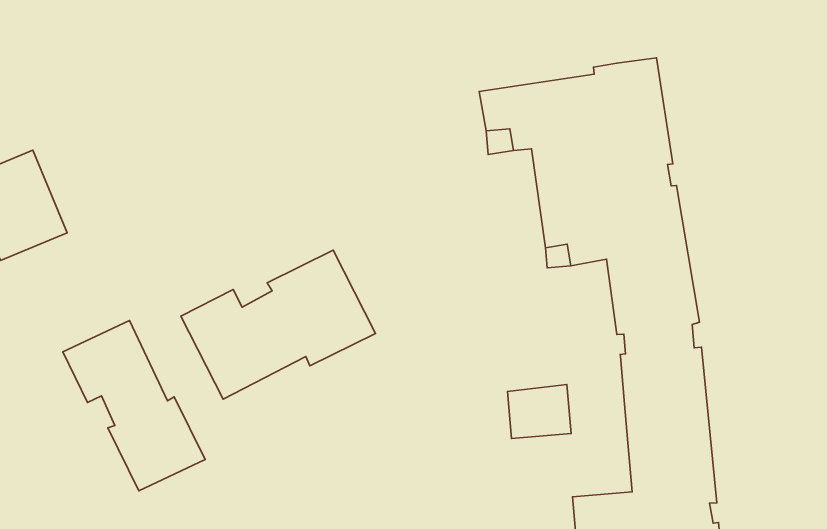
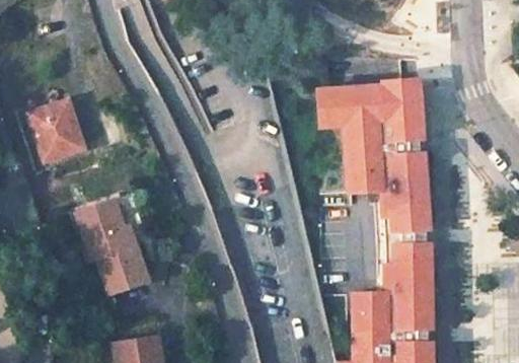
building: [181,250,376,399] -> none
building: [507,385,571,439] -> [351,293,384,320]

